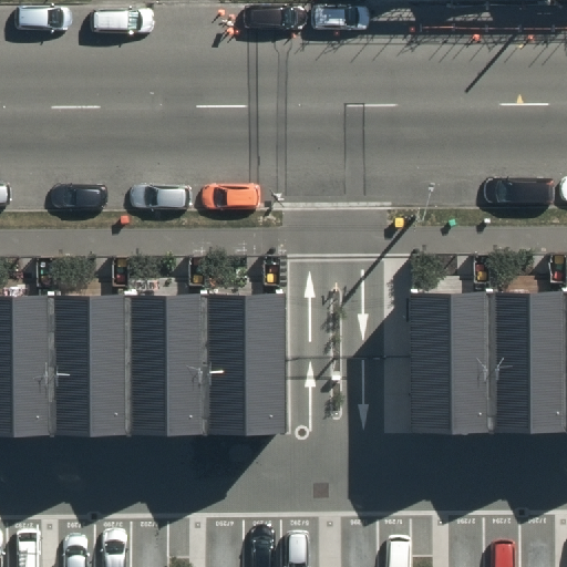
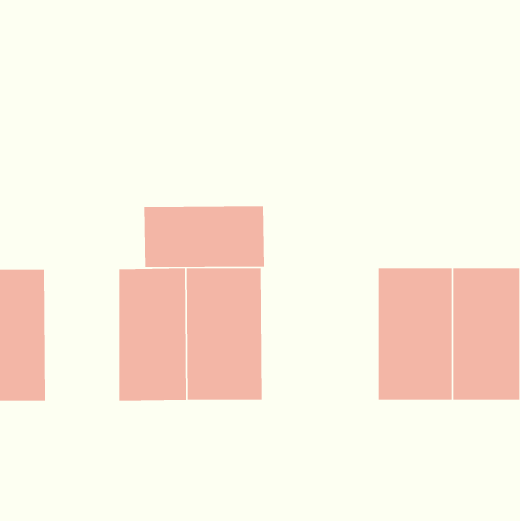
building: none -> [143,206,265,268]
building: [49,292,128,436] -> none

